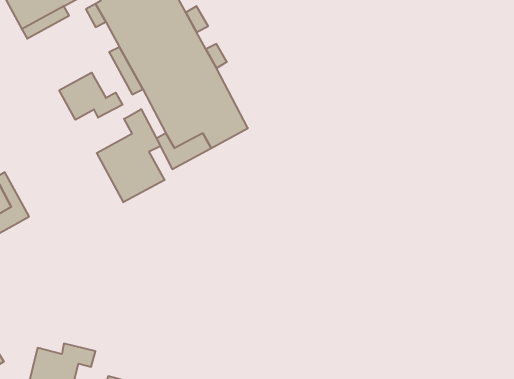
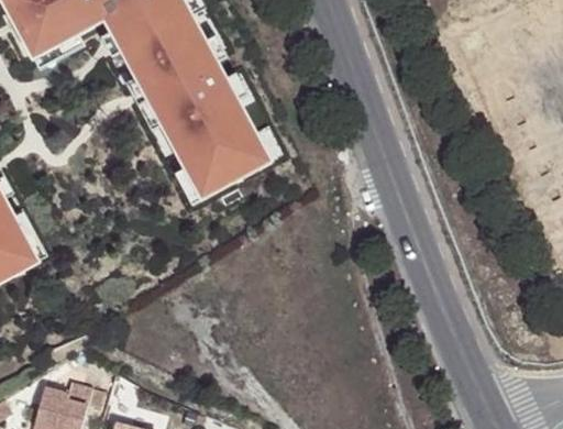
building: [59,73,123,120] -> none
building: [97,109,165,202] -> none

